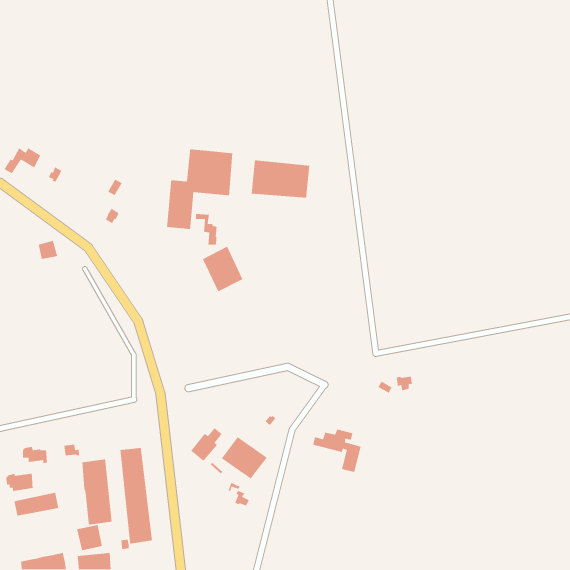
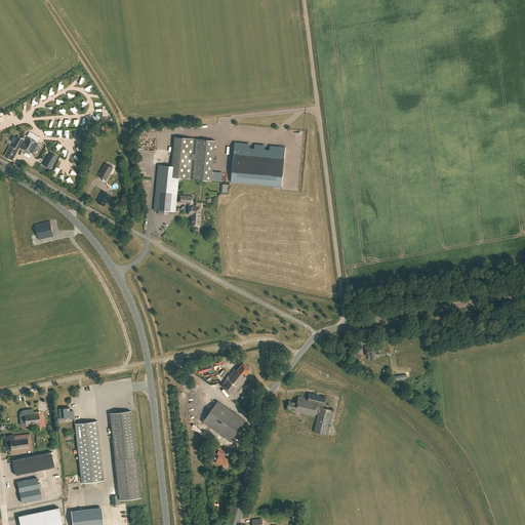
building: [202,246,244,293] -> none
building: [190,427,222,462] -> [220,363,250,395]
building: [76,524,103,551] -> [16,478,41,502]

